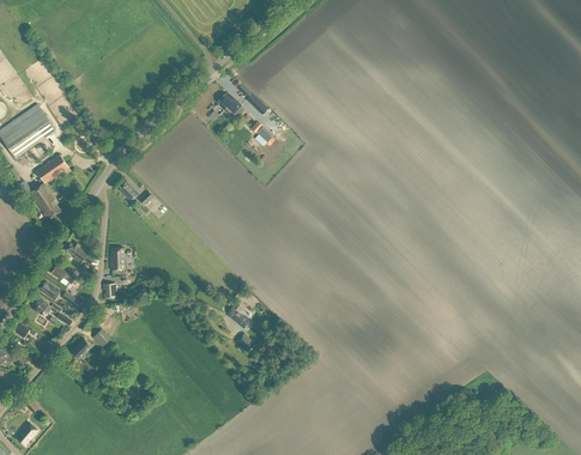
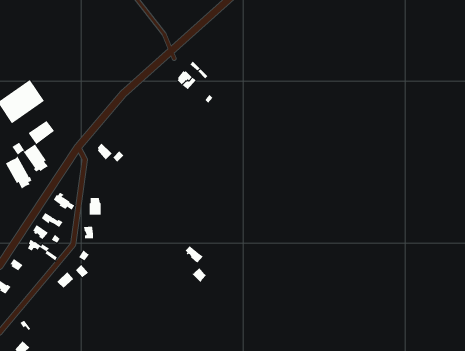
building: none -> [5,156,32,189]

